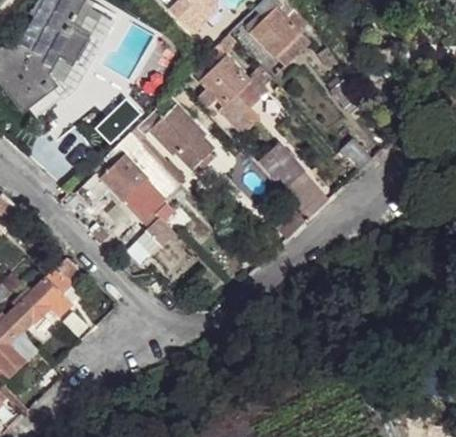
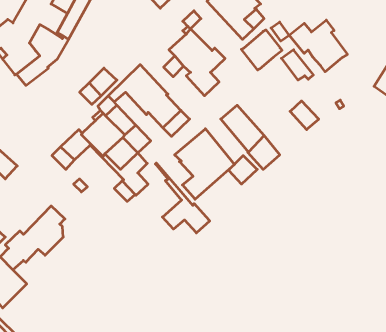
building: none -> [289,20,347,72]
building: none -> [241,30,282,70]
building: none -> [175,129,235,199]
building: none -> [155,163,210,233]

